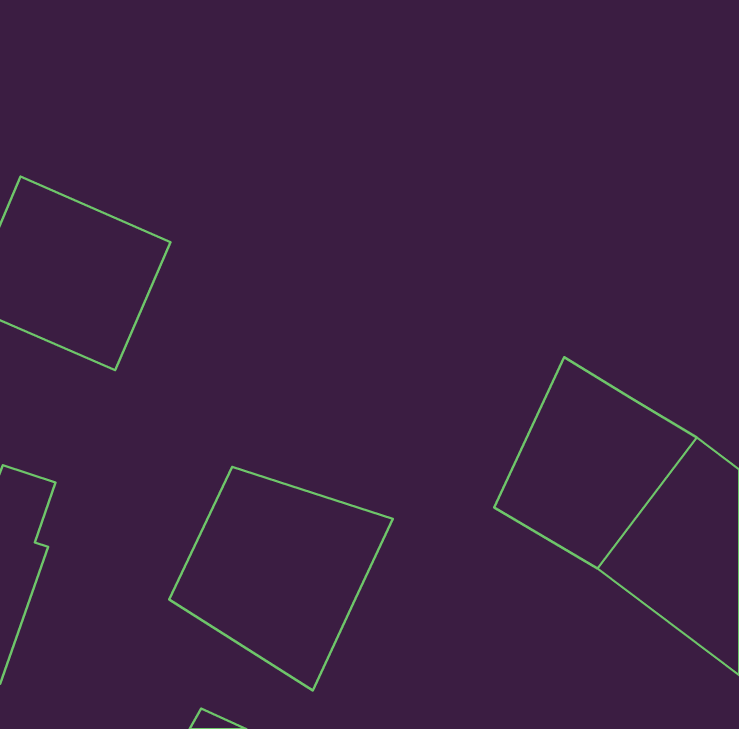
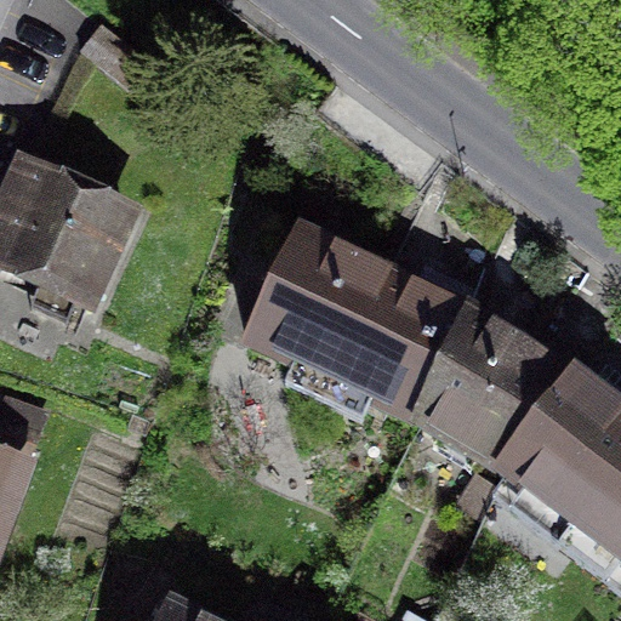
building: none -> [241,218,469,422]
building: [169,467,393,691] -> none

